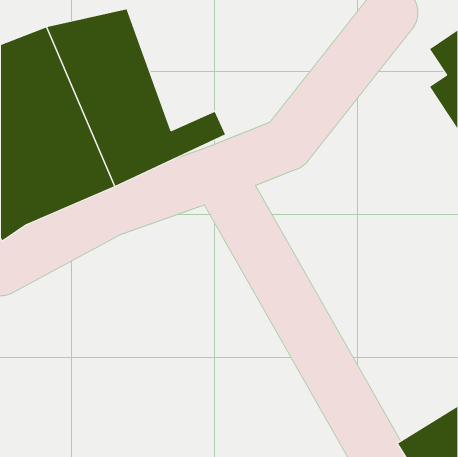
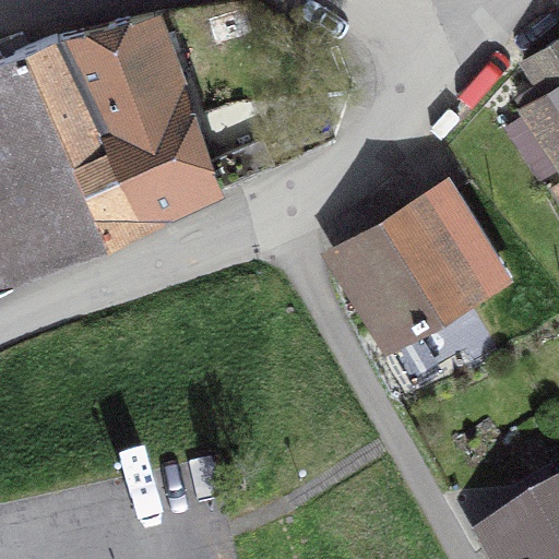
building: none -> [335,190,502,345]

